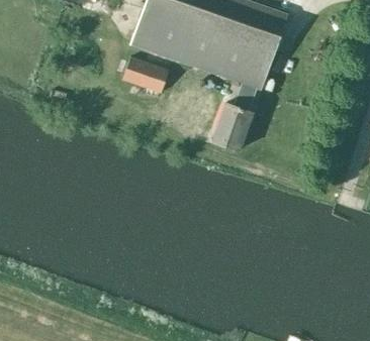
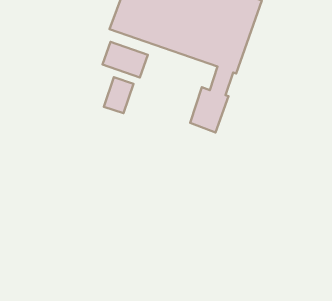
building: none -> [104,77,133,113]

